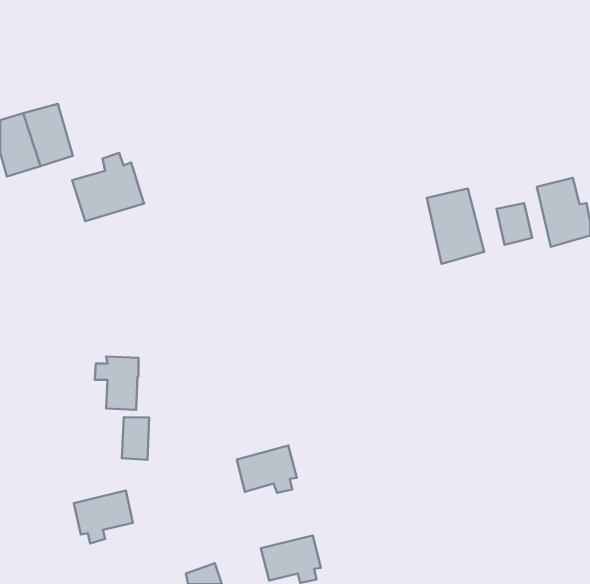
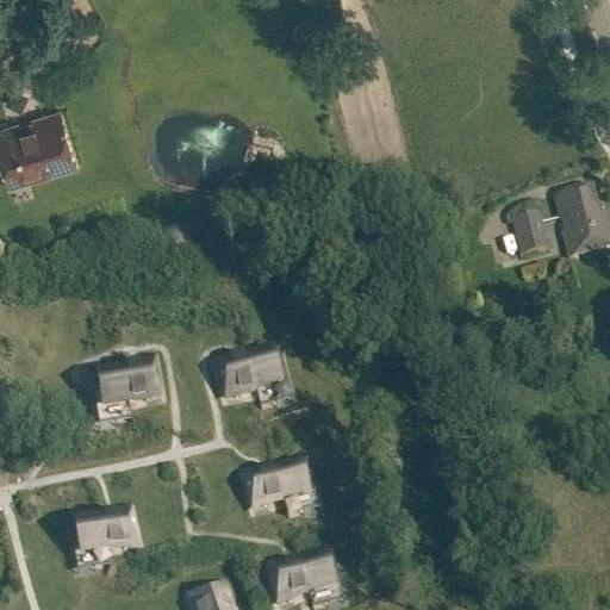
building: [72,153,144,221] -> none
building: [427,189,484,264] -> none
building: none -> [218,353,278,400]
building: [122,417,149,460] -> none

